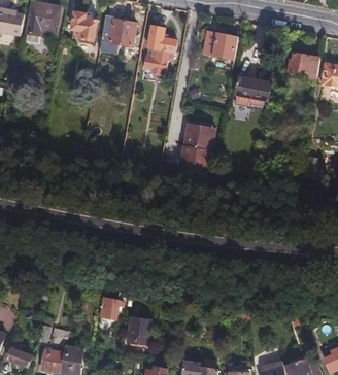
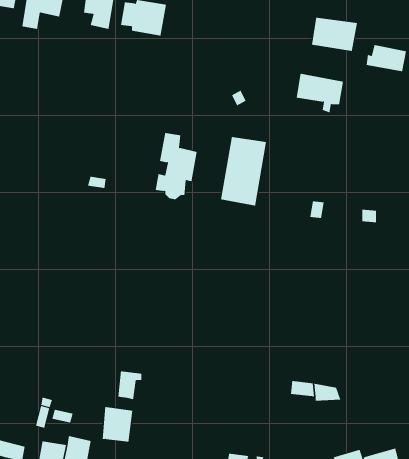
building: [145,26,177,76] -> [155,133,198,200]
building: [203,33,238,59] -> [311,17,358,52]
building: [127,317,150,344] -> [102,407,133,442]

